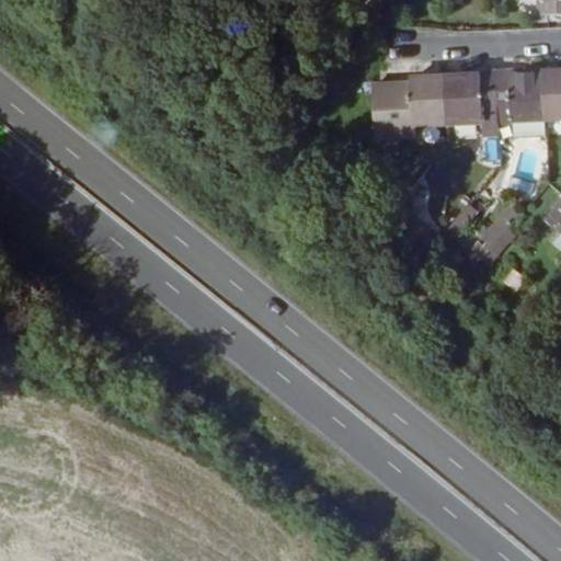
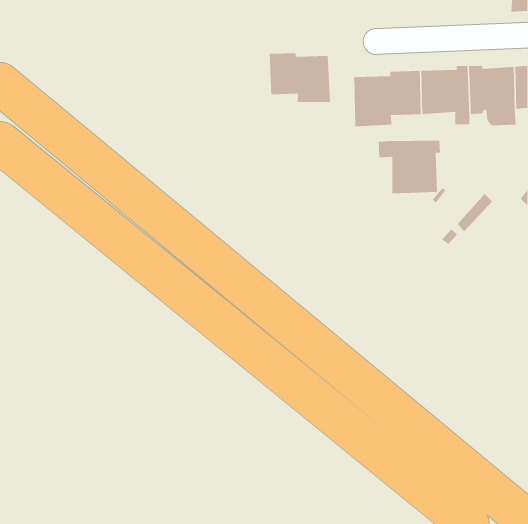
building: none -> [269,52,331,103]
building: none -> [378,140,441,194]

